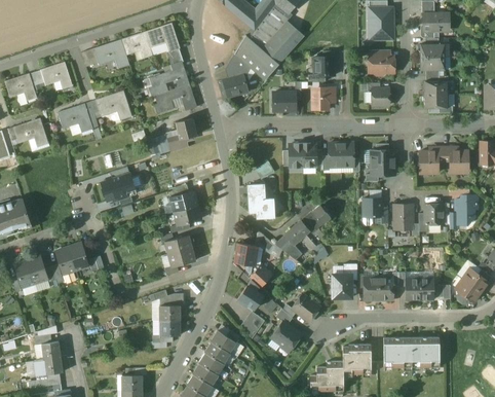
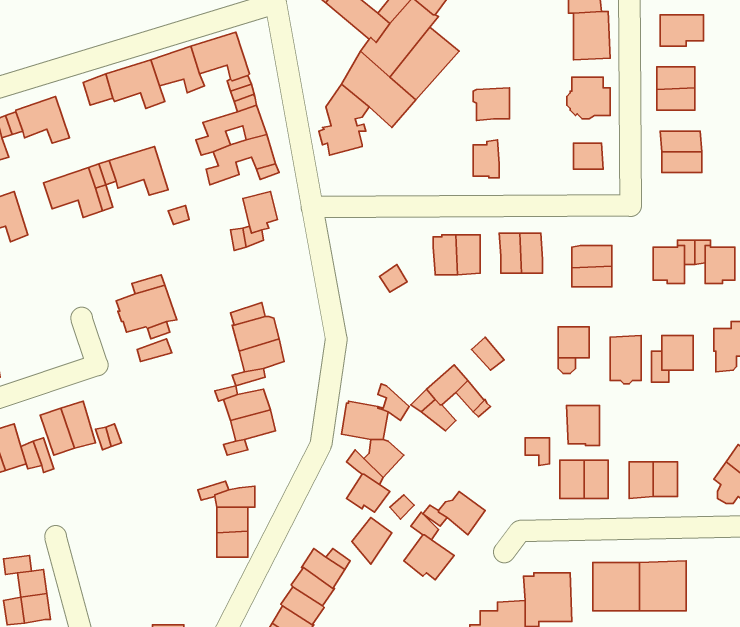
building: [273,93,295,111] -> none
building: [247,185,274,218] -> none
building: [332,275,351,298] -> [566,406,599,445]

